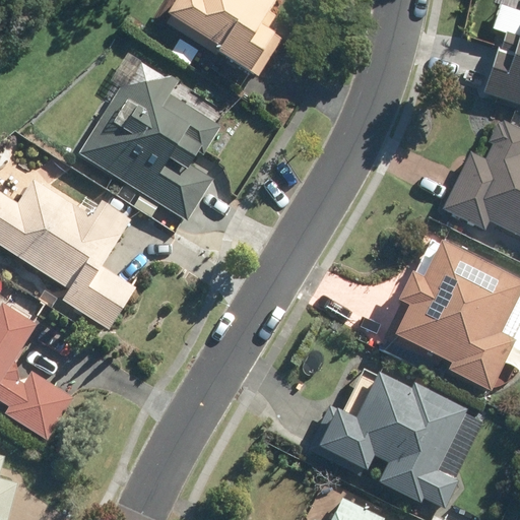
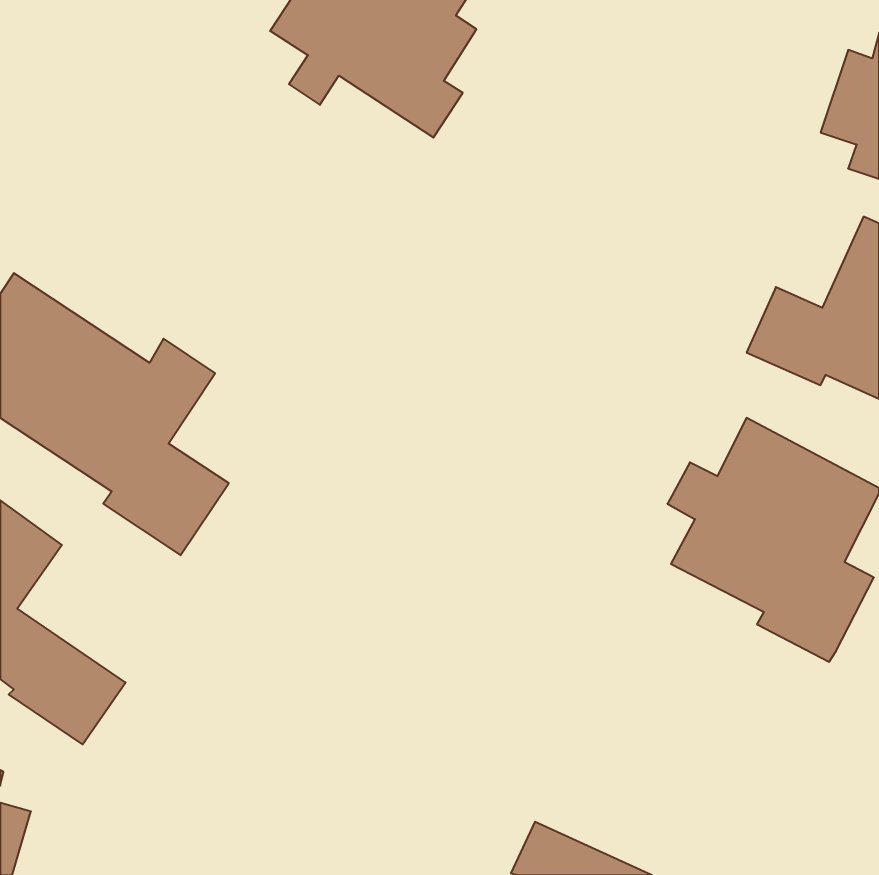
building: [79,52,223,220] -> none
building: [307,374,466,506] -> none

